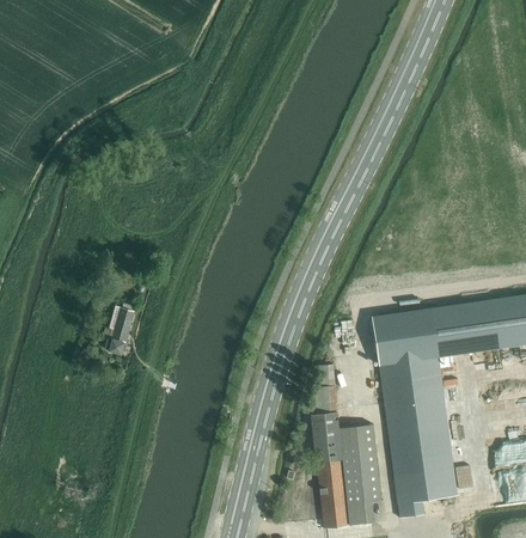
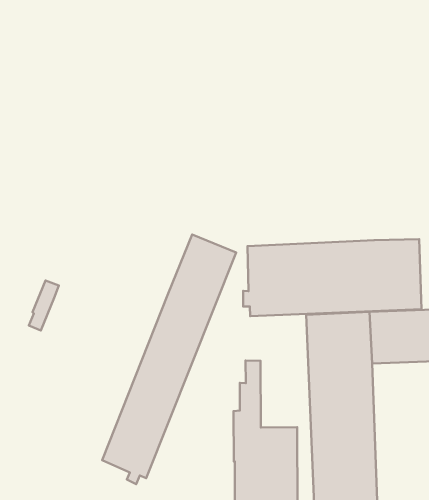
building: none -> [243,239,422,316]
building: none -> [102,235,236,484]

